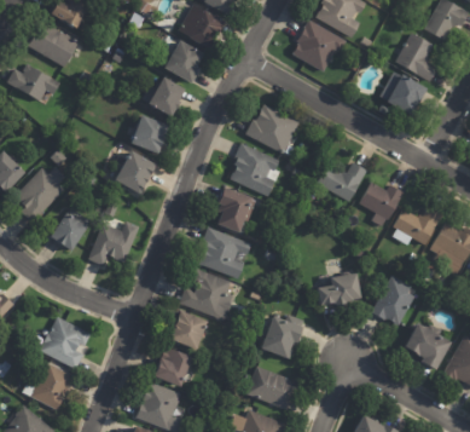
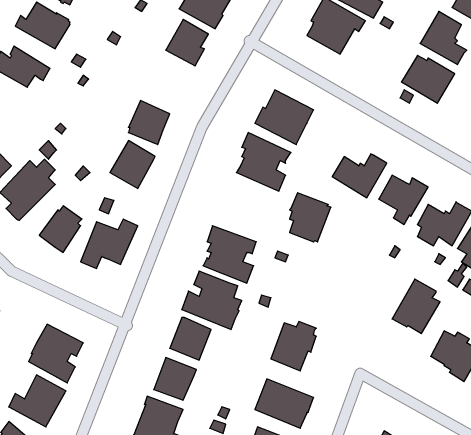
building: [143,77,186,117] -> none
building: [217,188,255,232] -> [290,193,331,242]
building: [317,273,360,305] -> none

